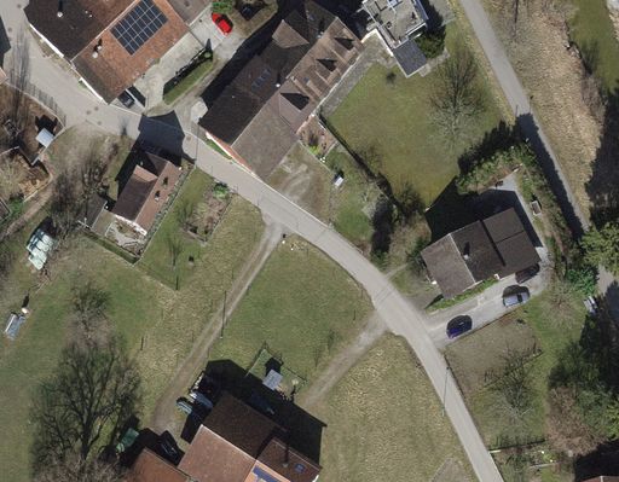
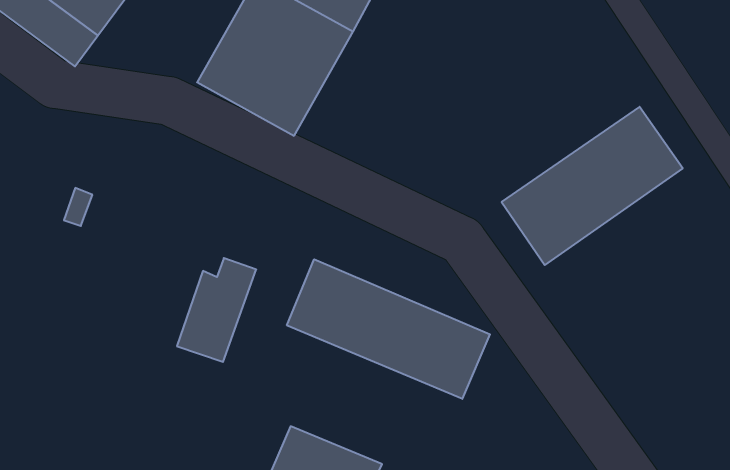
building: [112,155,180,232] -> [177,258,256,362]
building: none -> [287,259,490,399]

